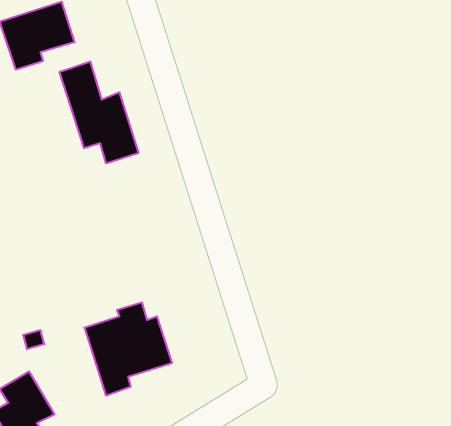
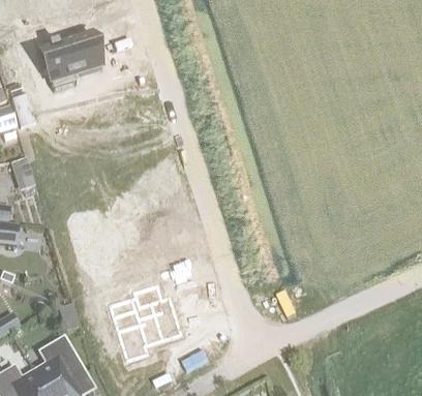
building: [60,61,138,163] -> none

